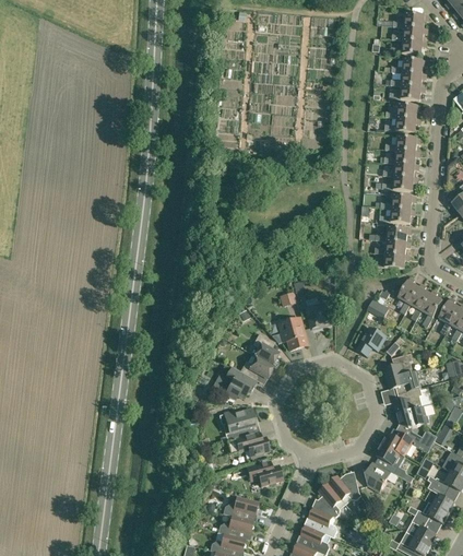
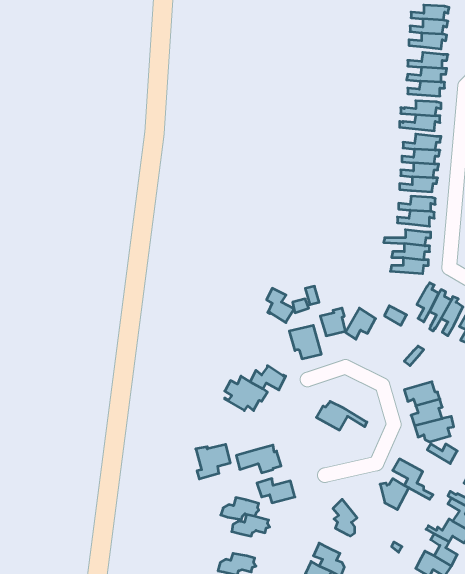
building: [356,326,384,355] -> [346,308,376,339]
building: [252,332,278,365] -> [267,288,294,323]
building: [383,353,412,378] -> none
building: [223,407,256,440] -> [196,444,230,479]
building: [381,428,429,456] -> [316,401,367,430]
building: [327,474,360,499] -> none
building: [307,506,336,537] -> none
building: [216,514,252,535] -> [221,498,259,520]

